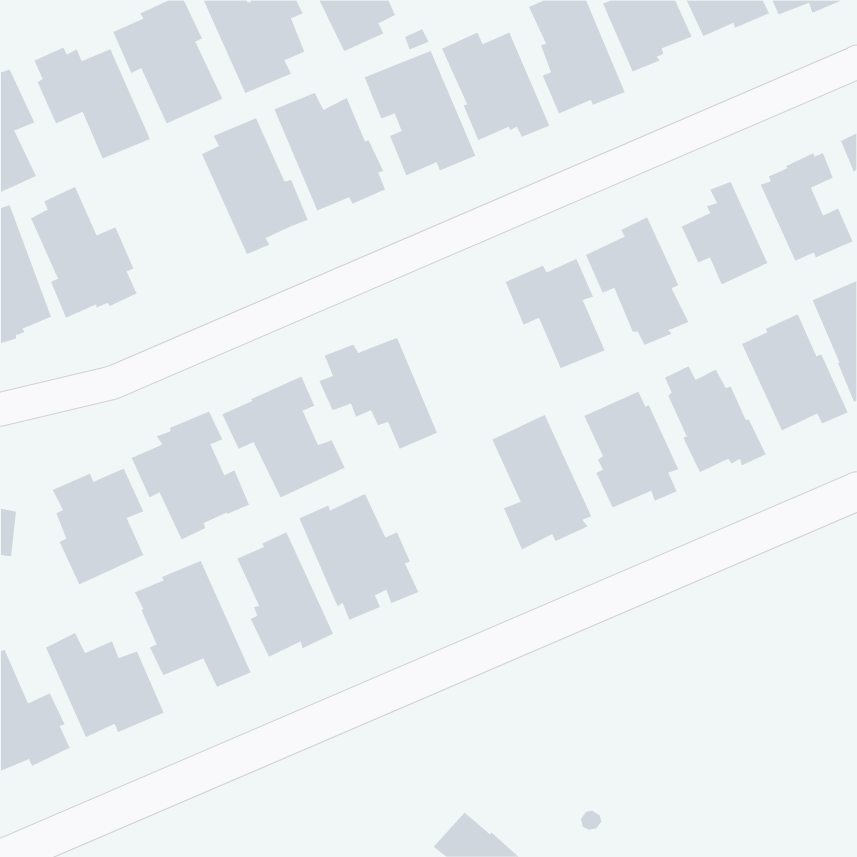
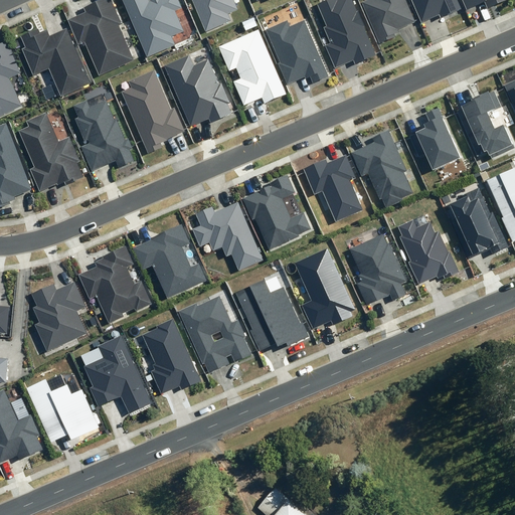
building: none -> [74,101,135,171]
building: none -> [242,176,311,250]
building: none -> [236,281,308,352]

